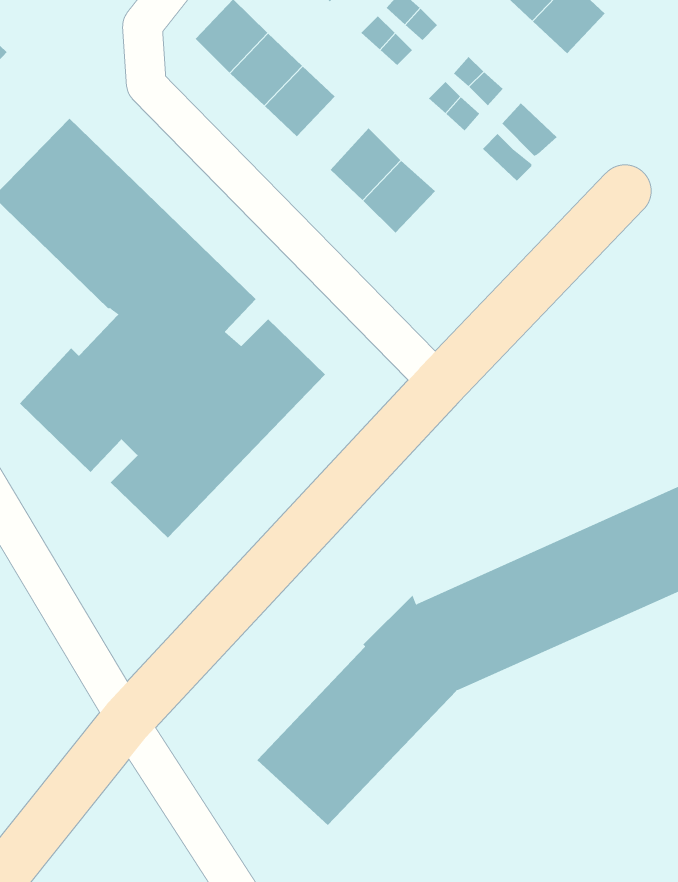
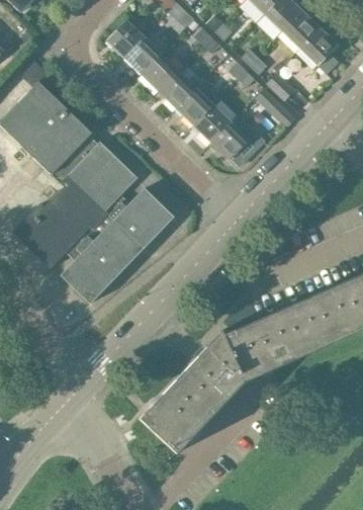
building: none -> [300,27,341,74]
building: none -> [159,71,196,109]
building: none -> [211,116,263,168]

